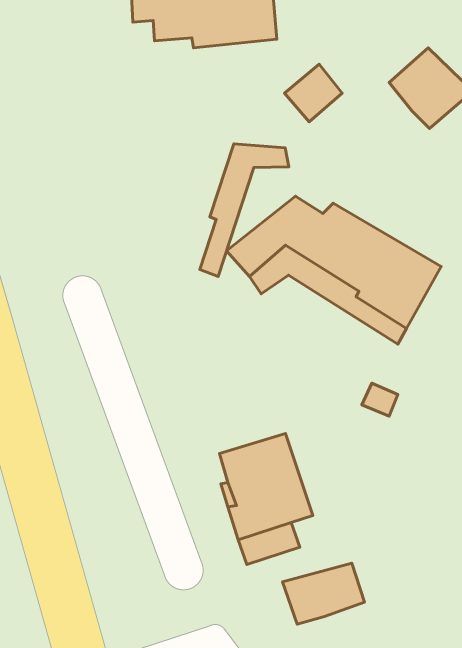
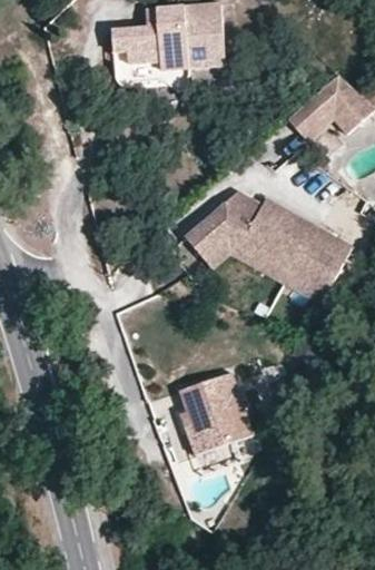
building: [285,64,342,122] -> [284,101,328,146]
building: [200,144,289,277] -> none
building: [283,563,364,624] -> none

